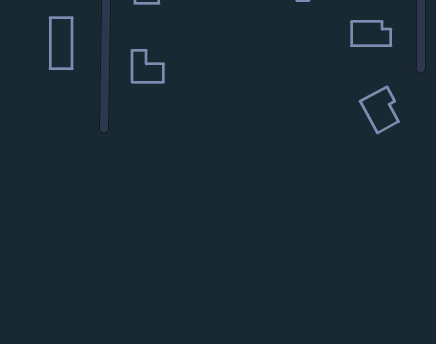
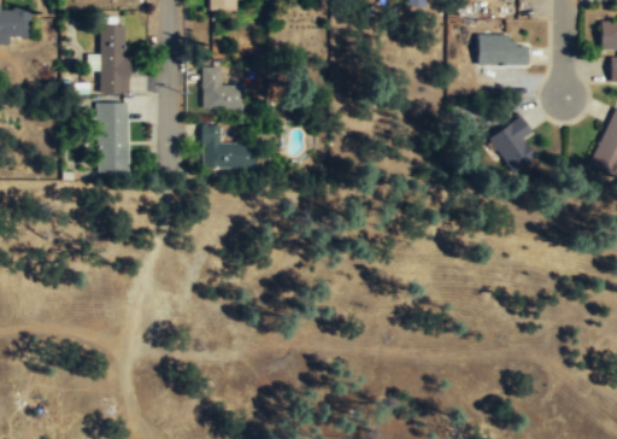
building: none -> [98,103,129,174]
building: none -> [201,127,254,169]

